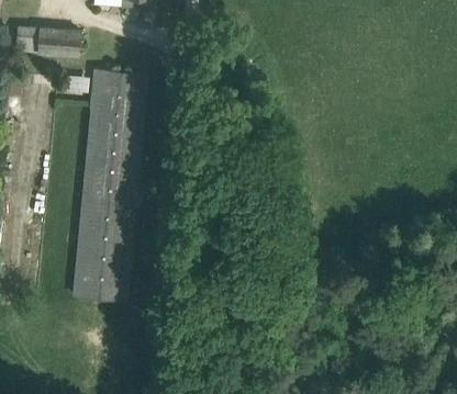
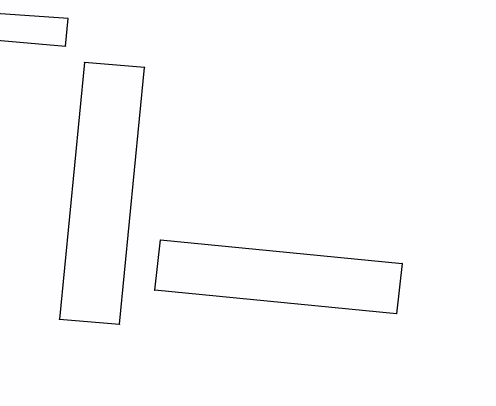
building: none -> [155,240,402,314]

